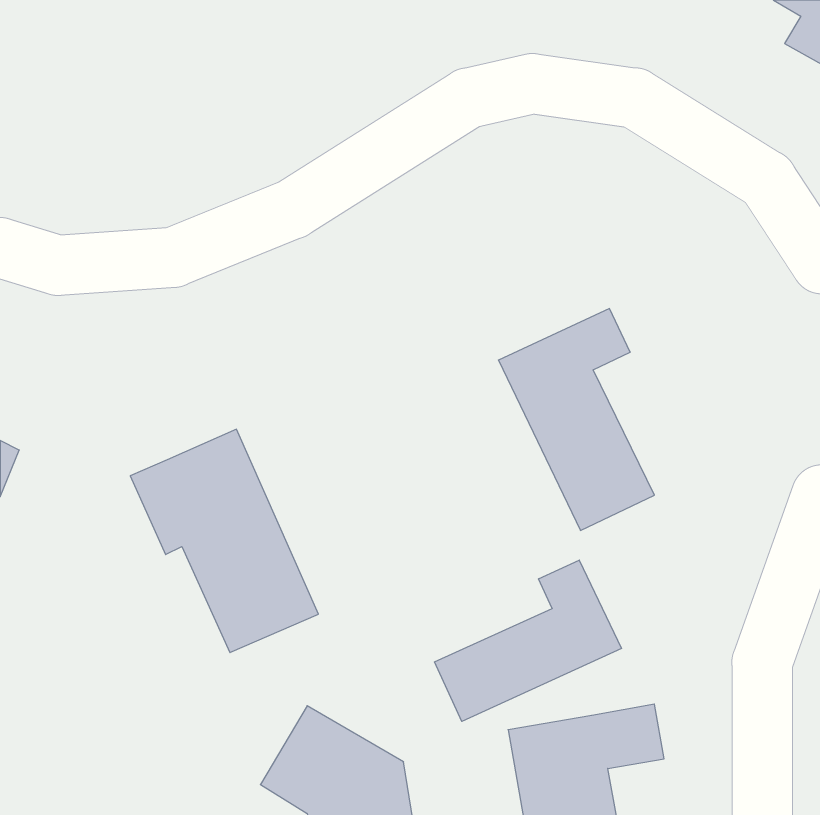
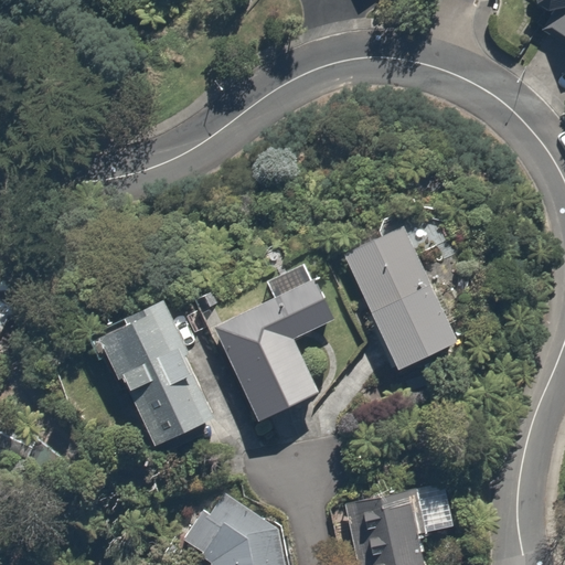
building: none -> [213,253,342,423]
building: [434,560,621,721] -> none

